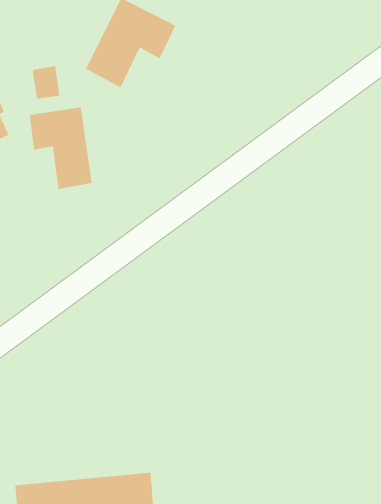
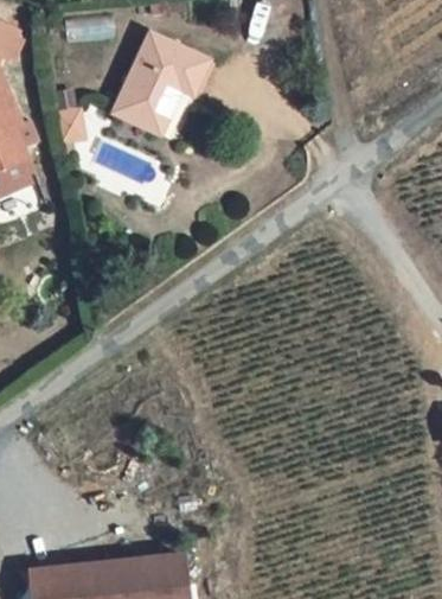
building: [29,107,92,190] -> none

